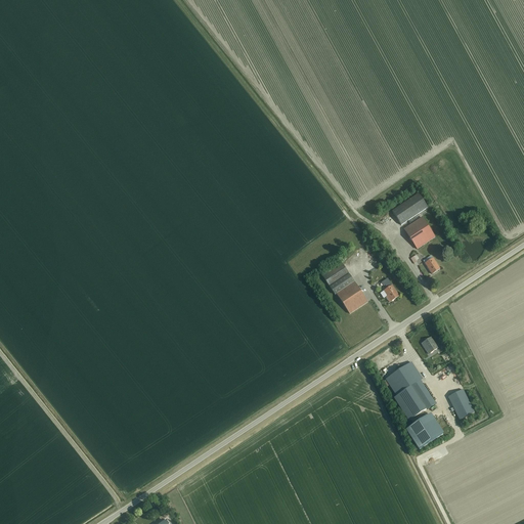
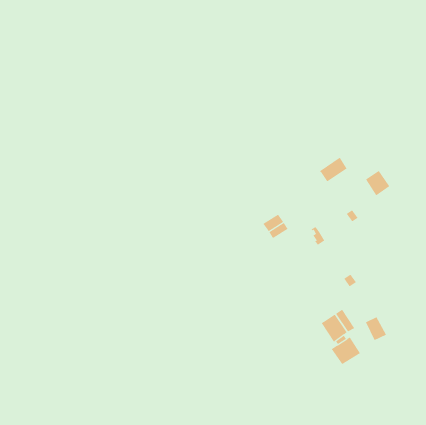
building: [404,216,435,248] -> [365,170,390,196]
building: [337,280,367,312] -> none
building: [386,361,423,394] -> none

